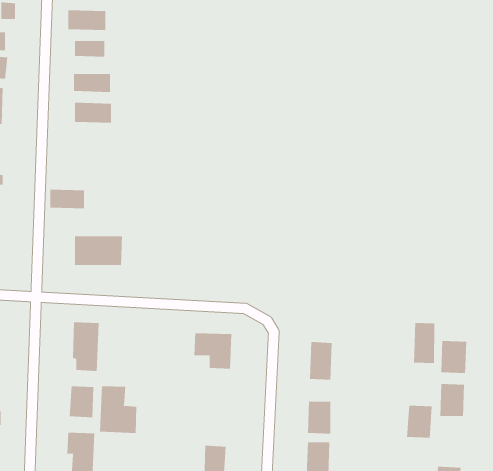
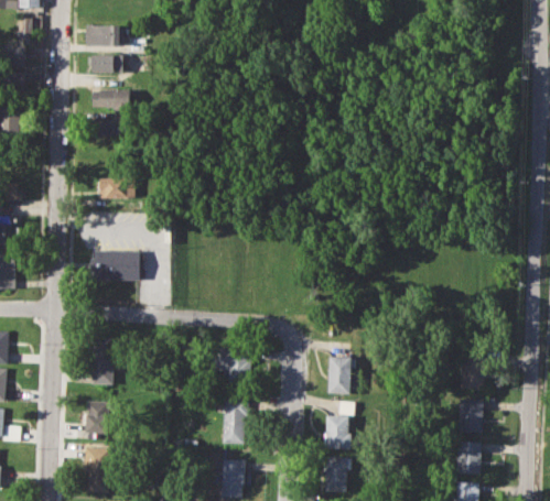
building: [49,189,85,209] -> [99,178,134,198]
building: [413,322,435,364] -> none
building: none -> [222,397,249,445]
building: [99,385,137,434] -> none
building: [406,405,433,438] -> [453,443,479,476]

